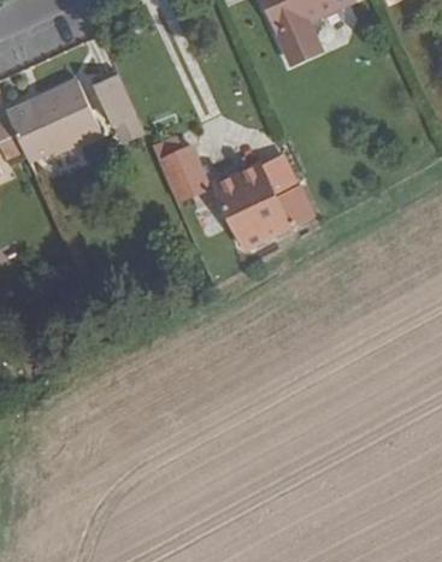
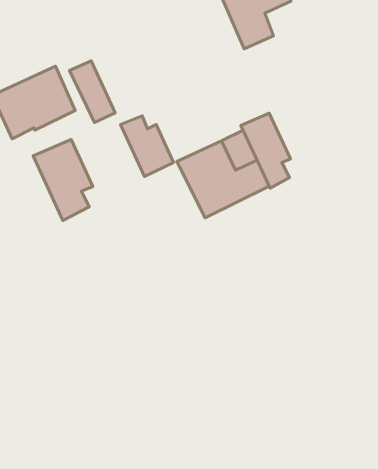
building: none -> [241,113,290,188]
building: none -> [33,139,93,220]

